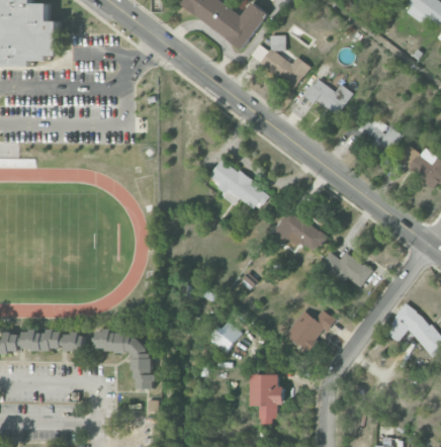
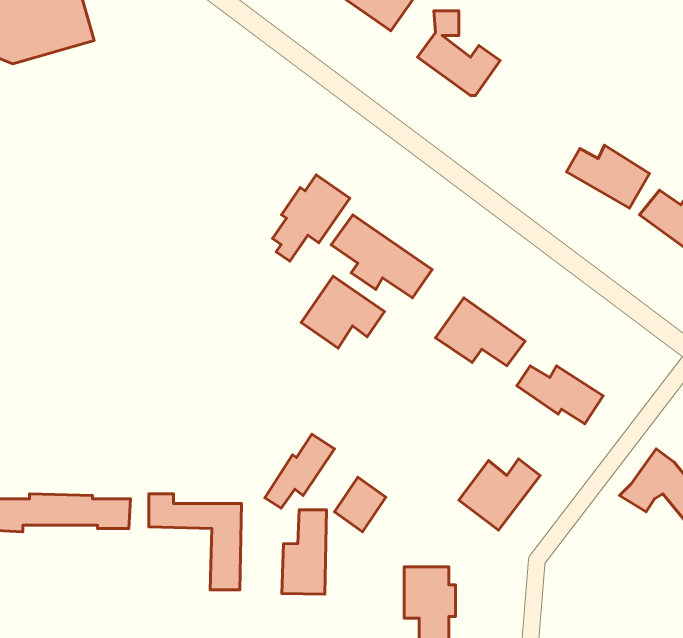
building: [304,78,352,115] -> none
building: none -> [272,175,350,261]
building: none -> [301,276,384,348]
building: none -> [265,434,334,508]
building: none -> [282,510,326,594]

